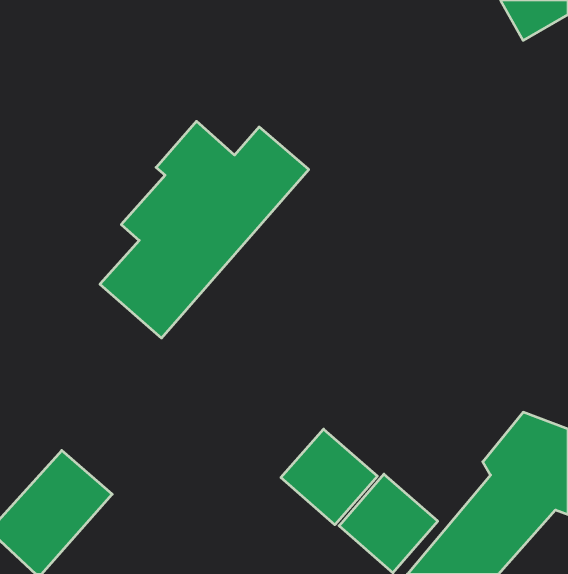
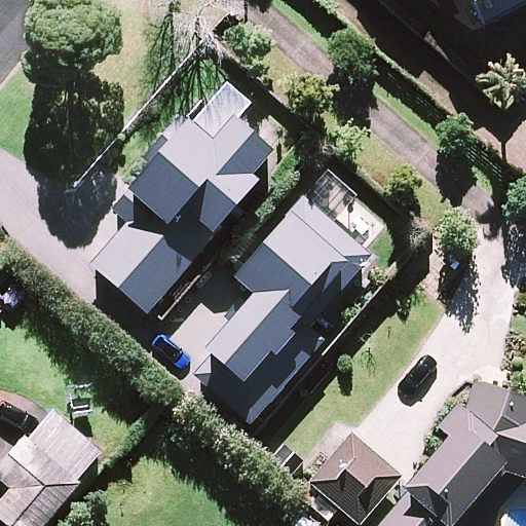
building: none -> [188,194,363,416]
building: [281,429,377,525] -> none

